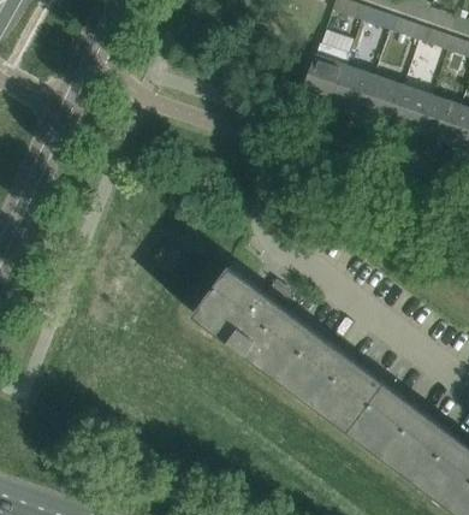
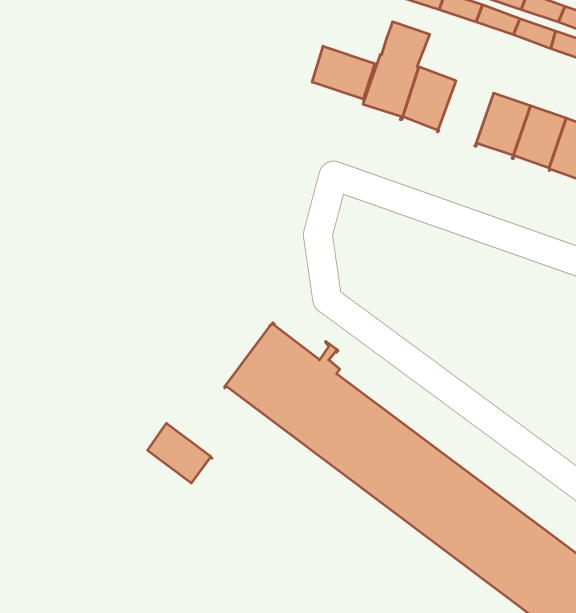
building: none -> [312,46,376,99]
building: [350,72,393,120] -> none
building: none -> [148,423,212,483]

